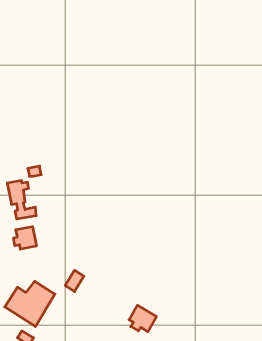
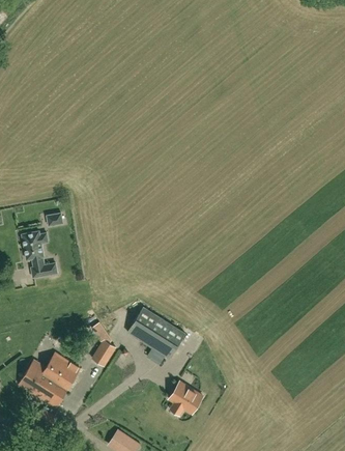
building: [14,227,36,249] -> none
building: none -> [127,307,185,359]

